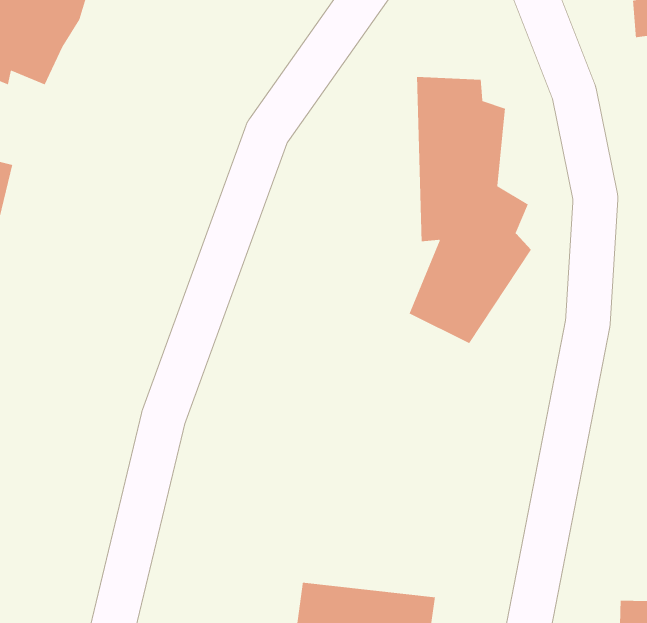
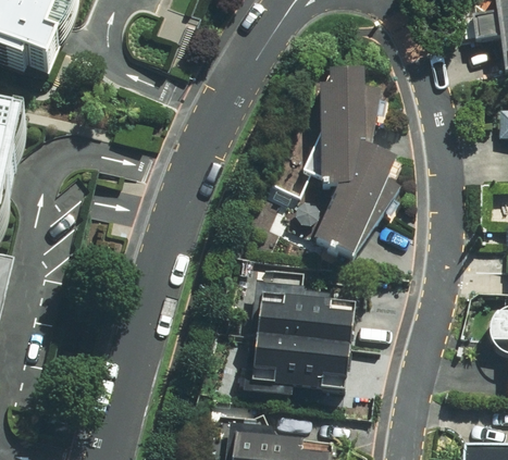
building: none -> [246,269,354,390]

